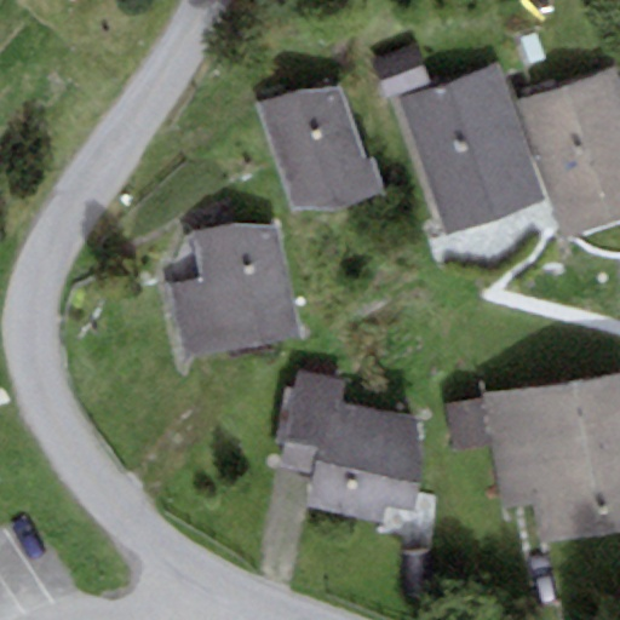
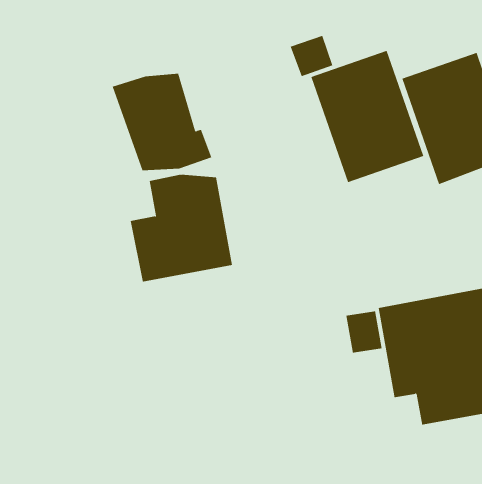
building: [256,85,384,209] -> [112,73,212,171]
building: [281,375,426,527] -> none

